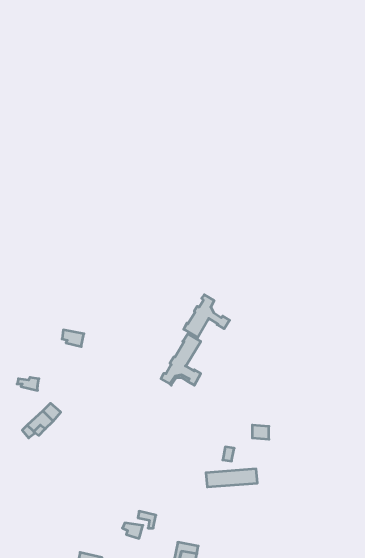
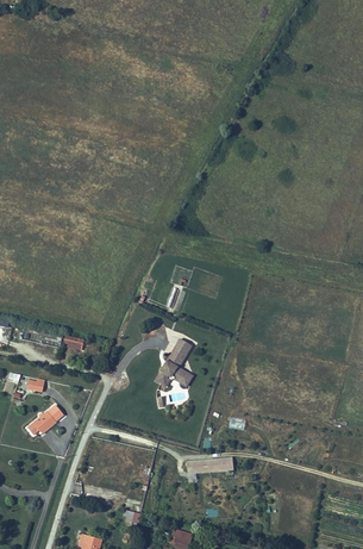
building: [184,295,230,338] -> none

